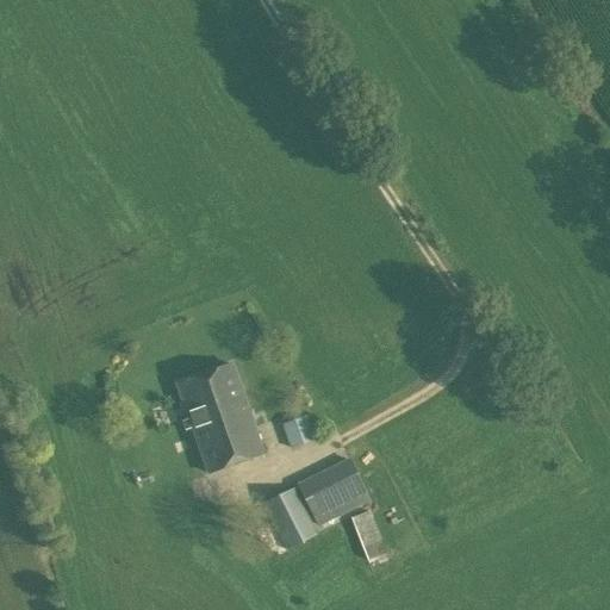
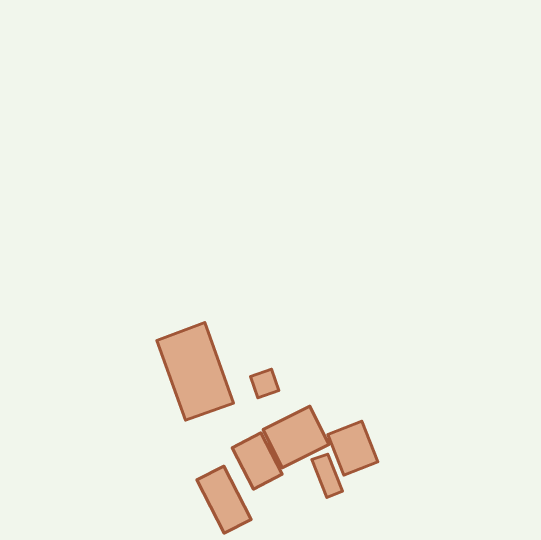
building: none -> [328,421,378,475]
building: none -> [197,466,251,533]

